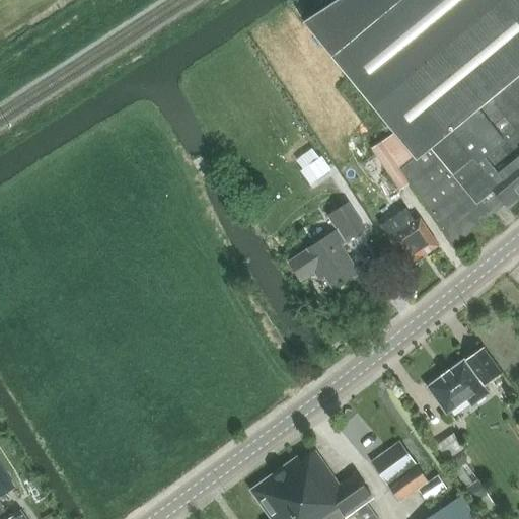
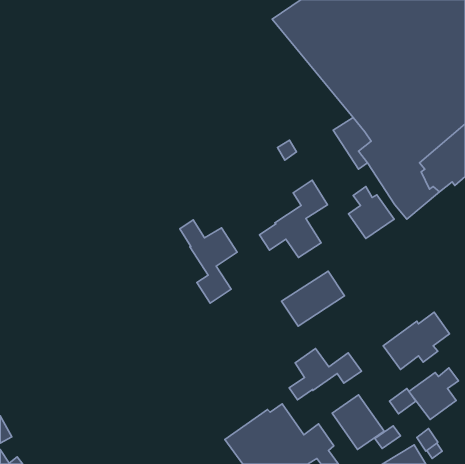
building: none -> [180,220,237,303]
building: none -> [282,271,345,326]
building: none -> [289,348,362,400]
building: none -> [409,368,458,420]

